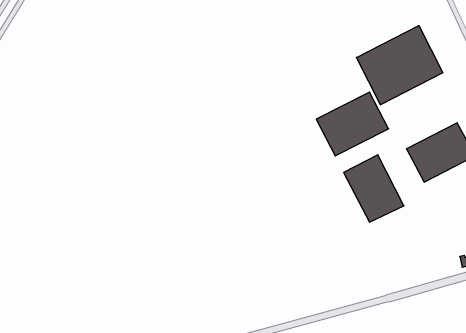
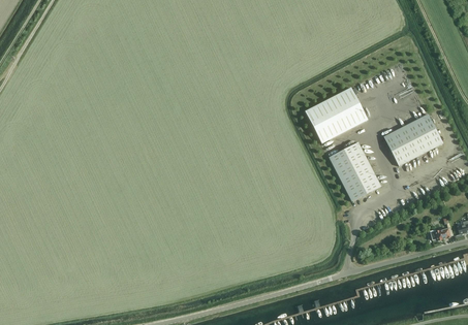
building: [356,26,443,105] -> none

